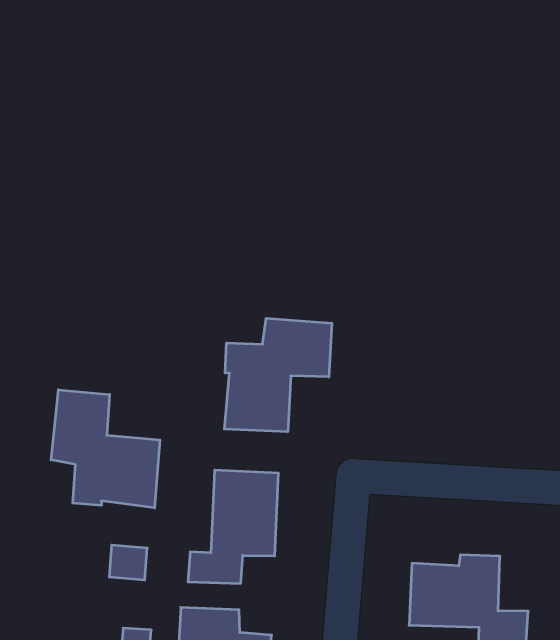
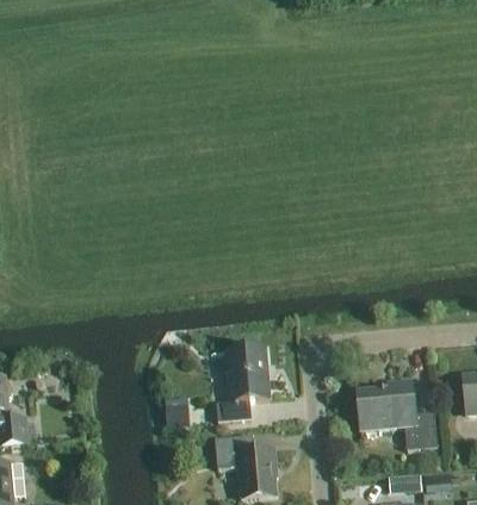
building: [224,318,332,432] -> none
building: [51,390,160,508] -> none

